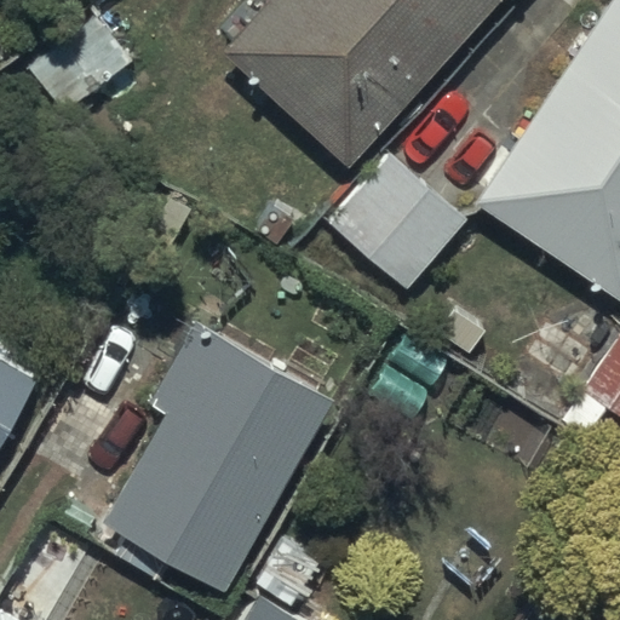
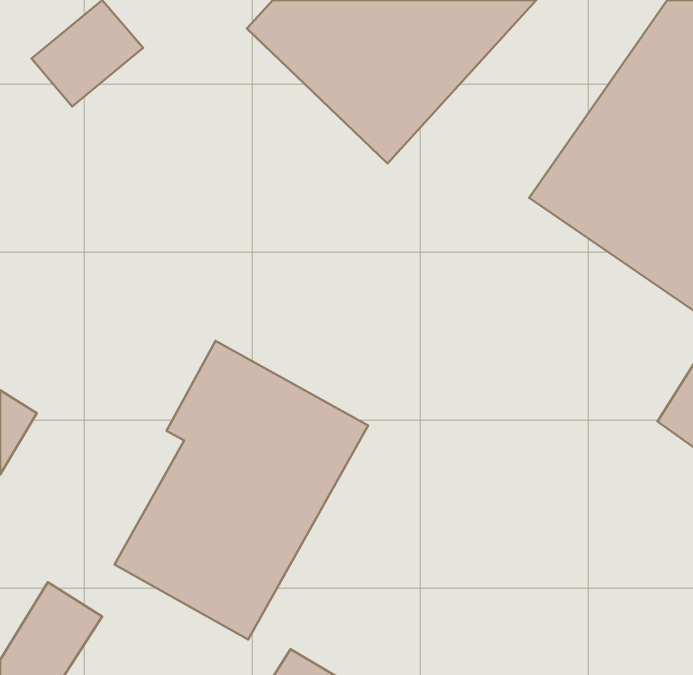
building: [332,159,466,293] -> none

